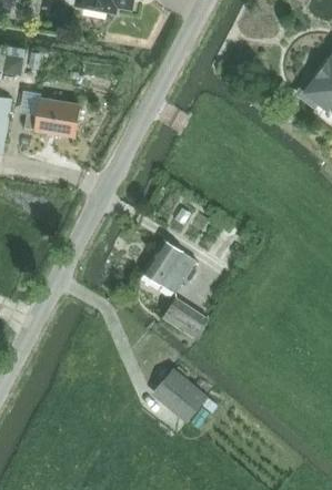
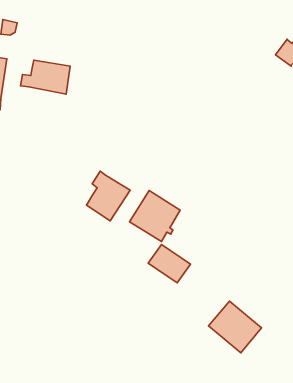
building: none -> [86,171,130,221]
building: [152,367,209,422] -> [209,301,262,353]

